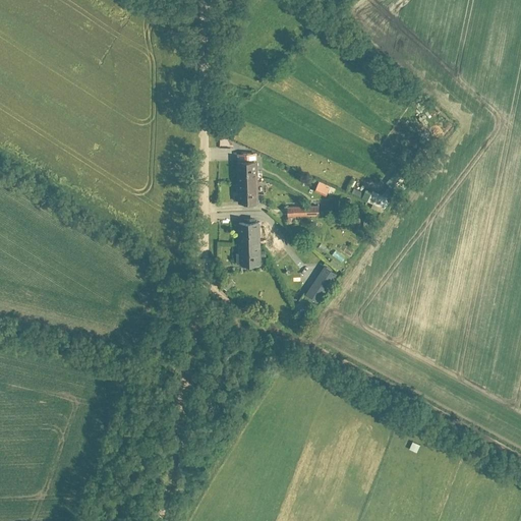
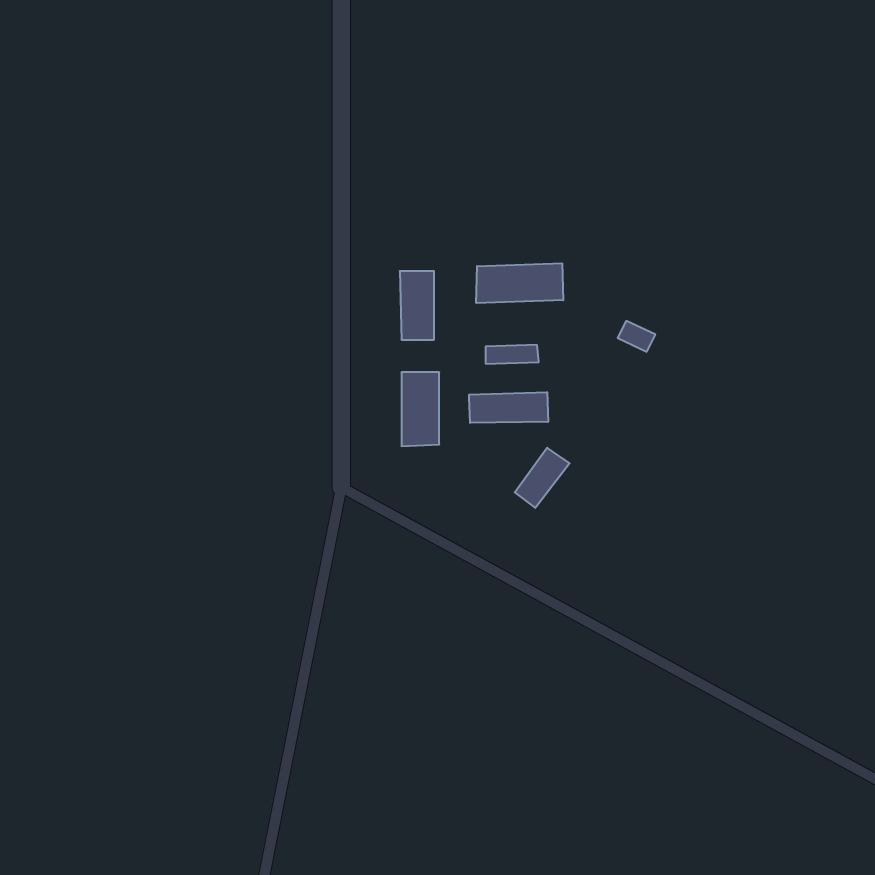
building: none -> [476,263,563,303]
building: none -> [469,392,548,423]

